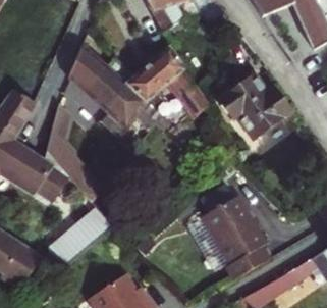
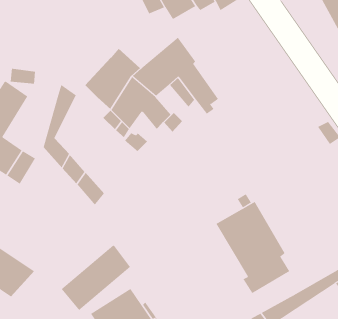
building: [66,44,107,91] -> none
building: [217,73,291,140] -> none
building: [25,157,68,198] -> none
building: [48,205,111,265] -> [61,244,131,311]

